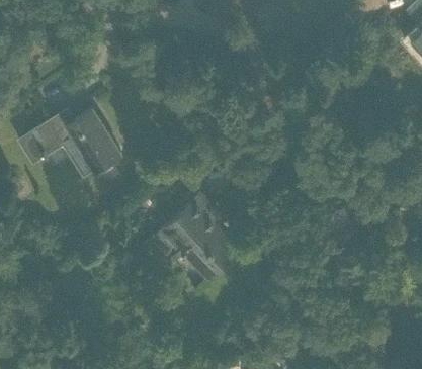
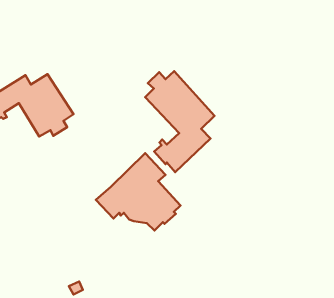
building: none -> [145,71,215,172]

